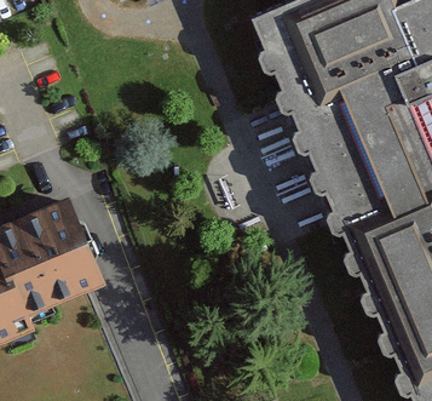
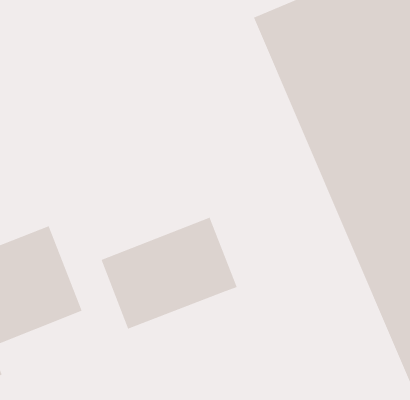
building: none -> [101,217,238,329]

